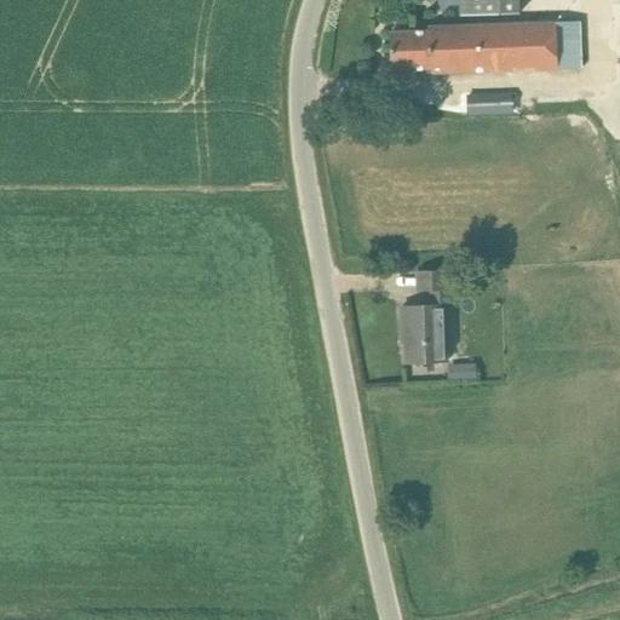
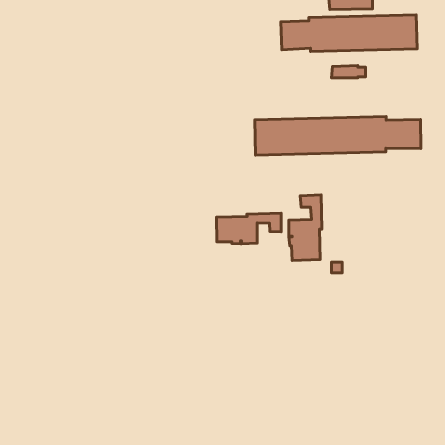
building: none -> [255,117,421,155]
building: none -> [216,213,281,244]

